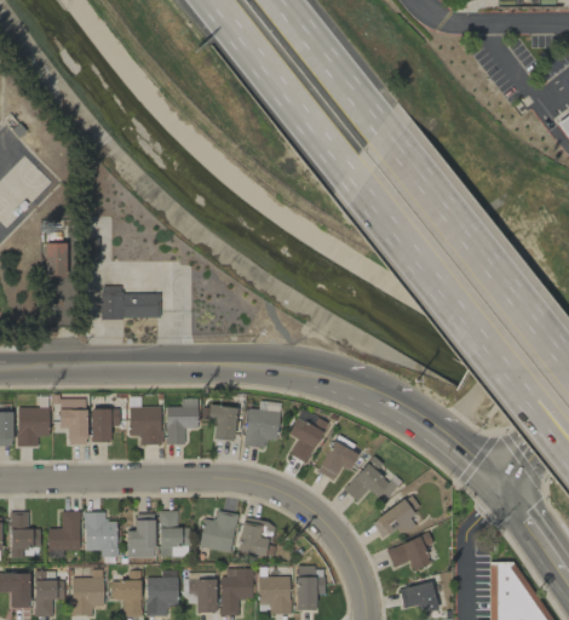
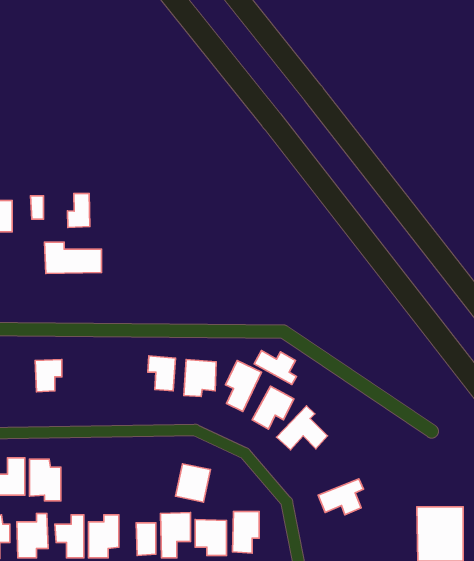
building: none -> [68,193,90,227]
building: [167,397,199,444] -> none
building: [59,398,88,444] -> none
building: none -> [254,350,297,385]
building: [130,406,162,444] -> none
building: [372,494,420,538] -> none
building: [160,510,186,556] -> none
building: [200,511,238,552] -> none
building: [127,513,155,558] -> none
building: [400,581,438,613] -> none

